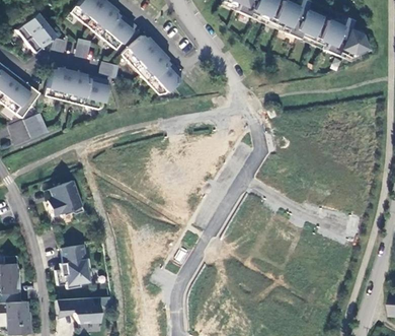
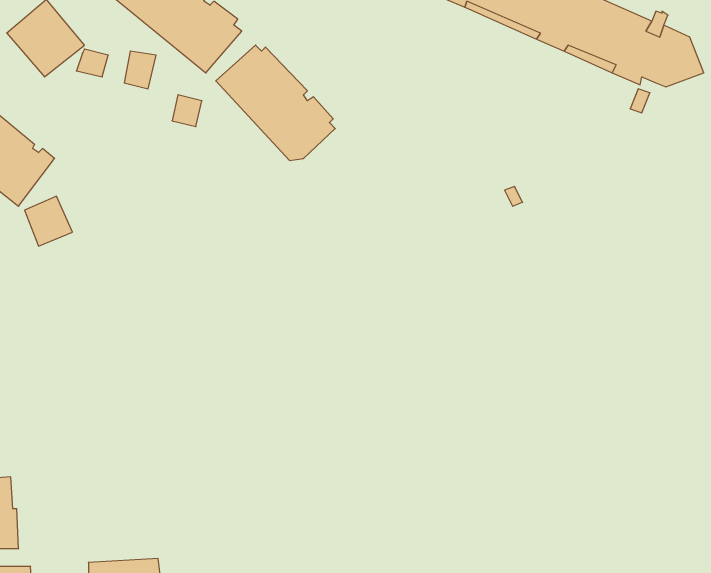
building: [45,66,109,109] -> none
building: [46,180,84,215] -> none
building: [56,244,92,288] -> none

